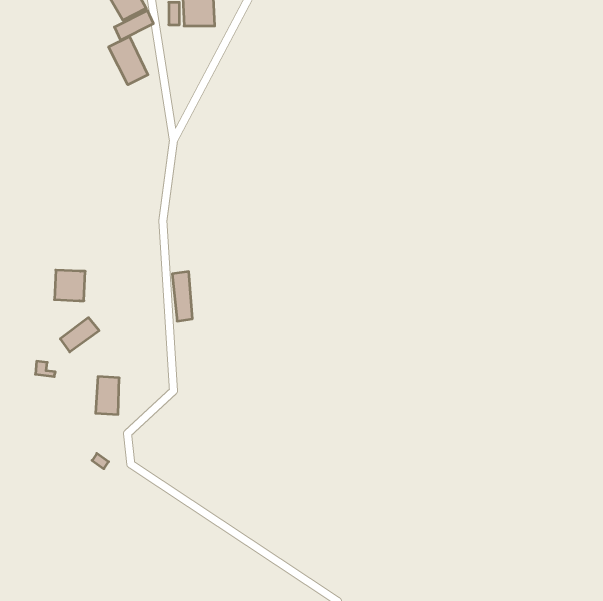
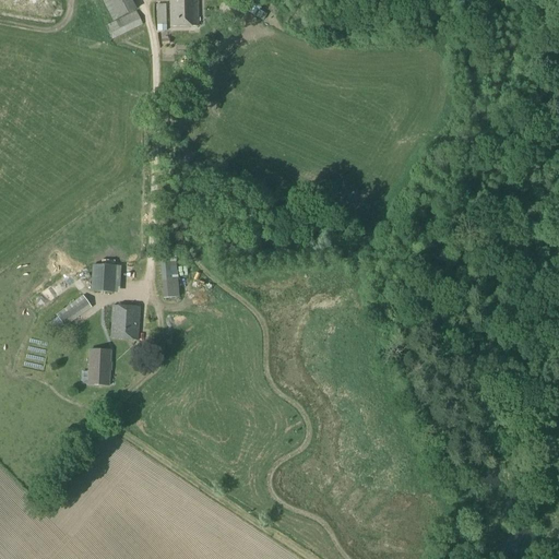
building: [109,36,148,85] -> none
building: [54,270,85,301] -> [92,263,120,292]
building: none -> [111,304,141,338]

